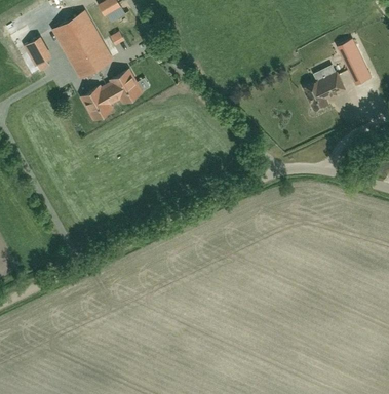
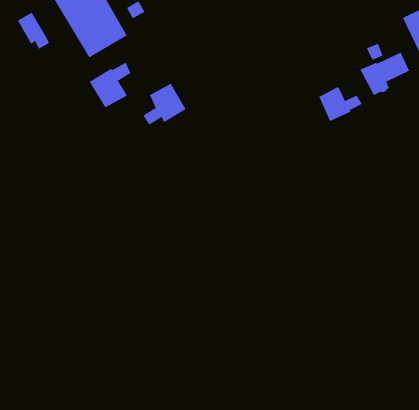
building: [107,70,143,105] -> [142,83,186,125]
building: none -> [318,86,363,122]

